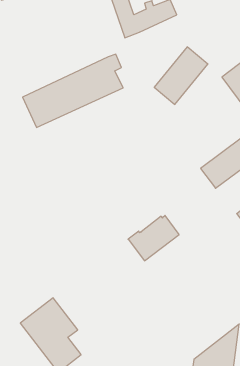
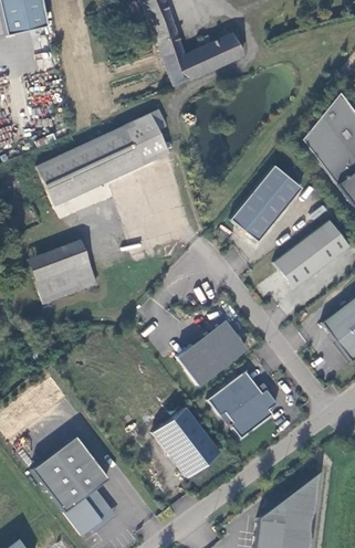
building: [154,47,208,104] -> [231,165,303,242]
building: none -> [25,240,97,304]
building: none -> [208,370,278,439]
building: none -> [154,407,221,477]

